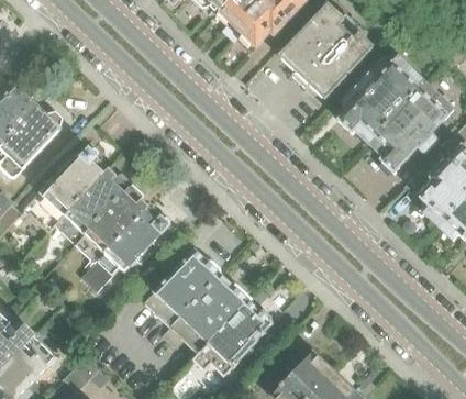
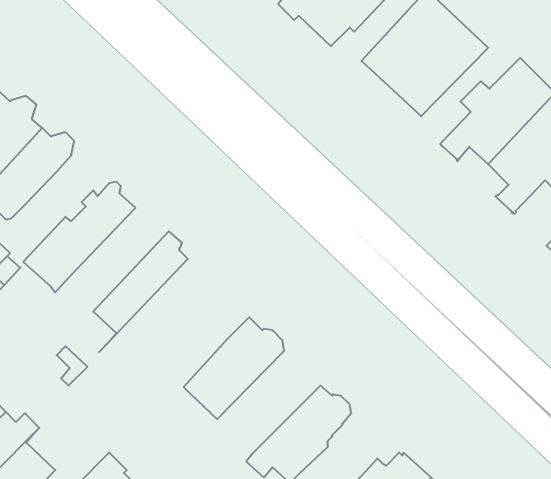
building: [57,168,133,246] -> none
building: [80,207,169,291] -> none
building: [163,276,251,353] -> none

